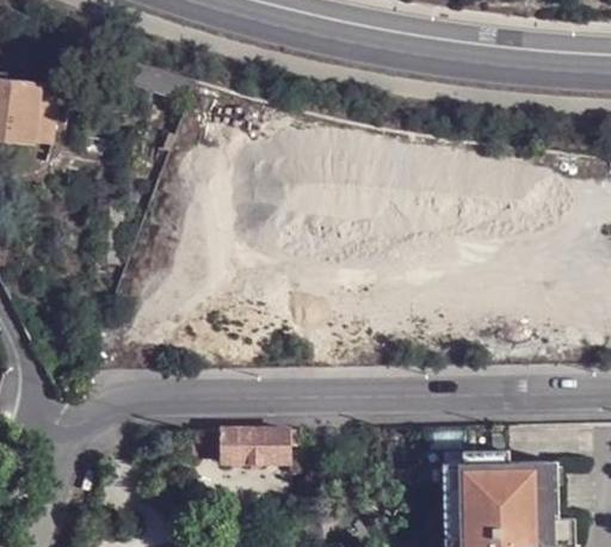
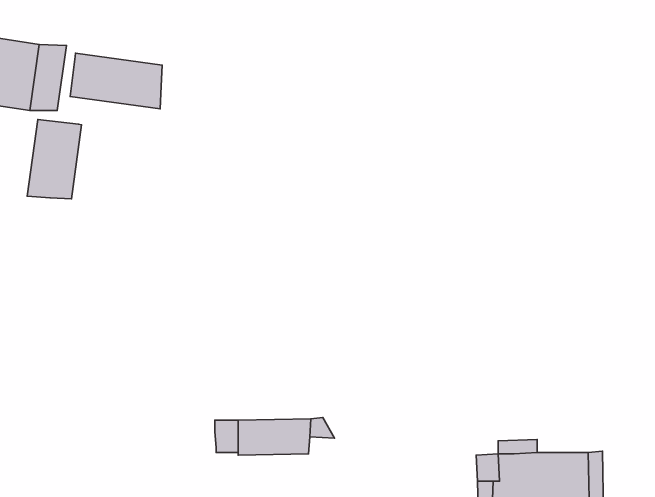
building: none -> [70,53,162,109]
building: none -> [27,119,82,199]

